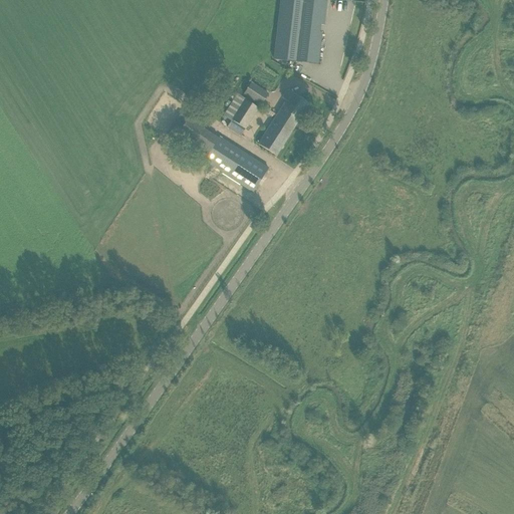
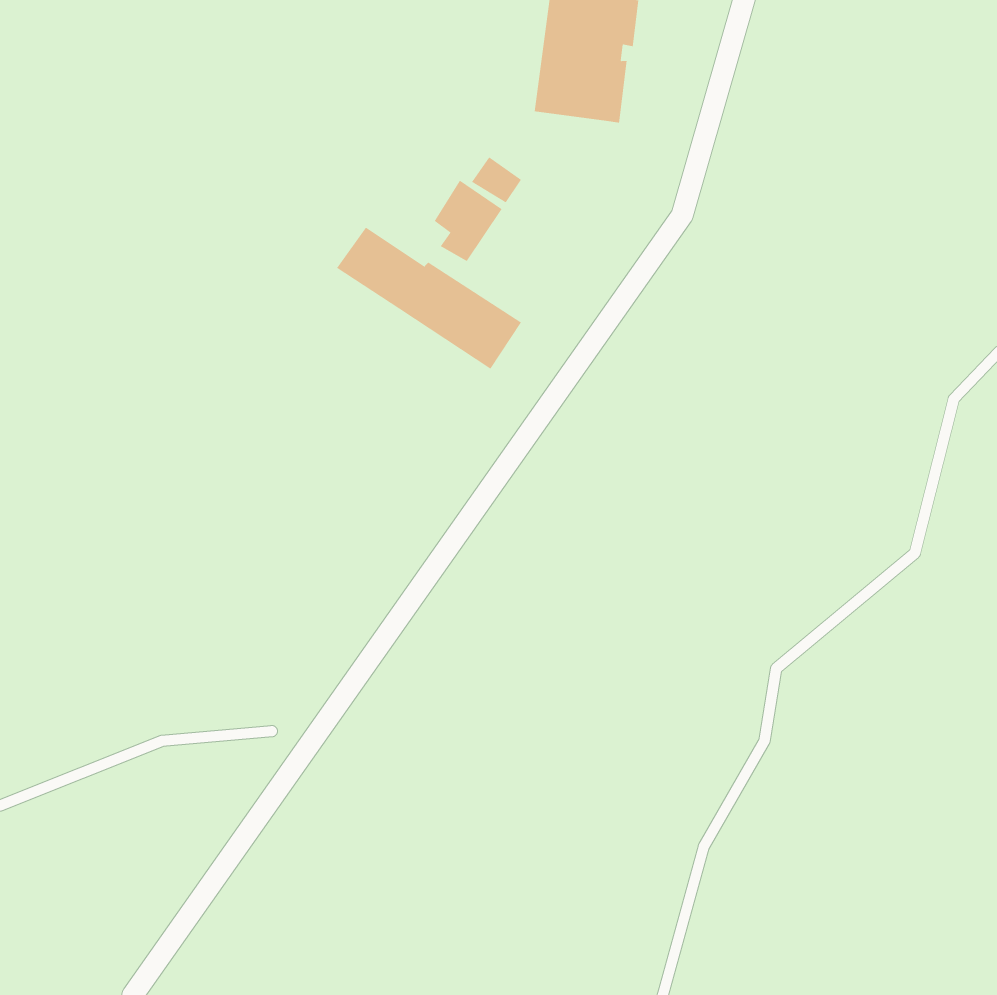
building: [259,88,310,154] -> none

